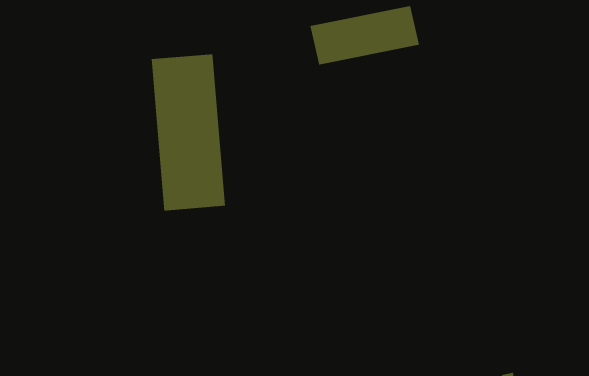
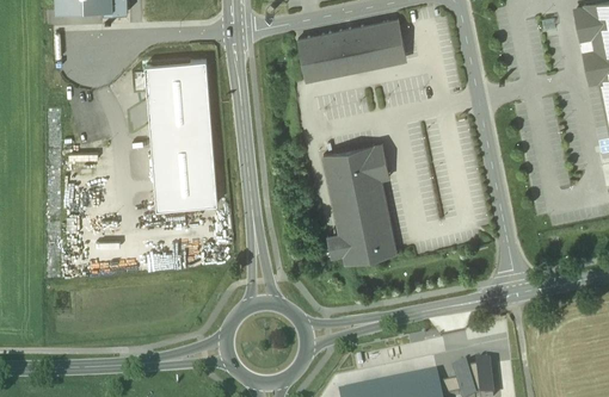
building: none -> [322,139,395,261]

